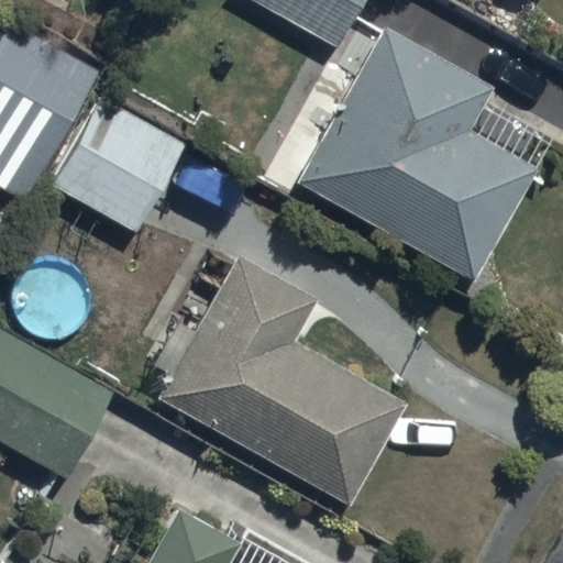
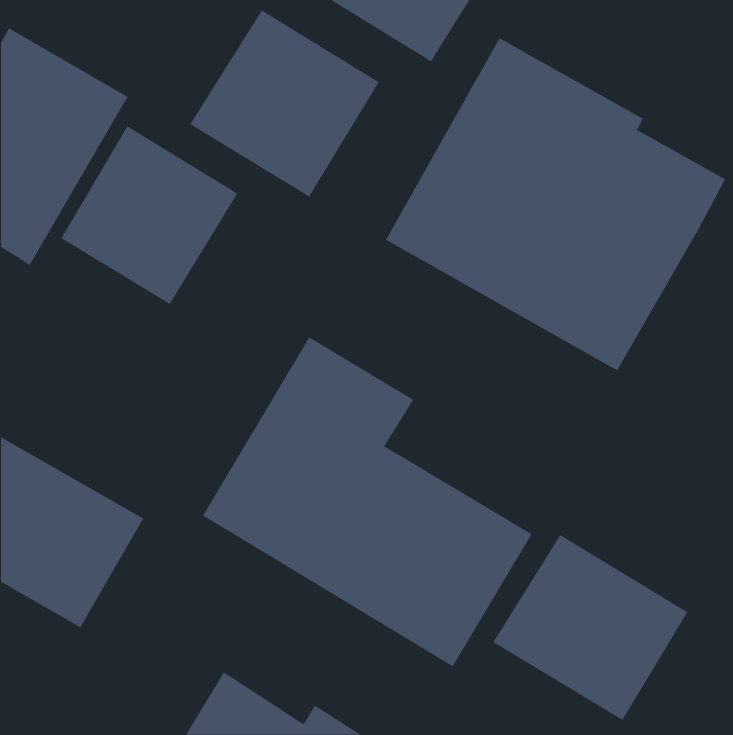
building: none -> [189,9,380,197]
building: none -> [492,534,688,721]

